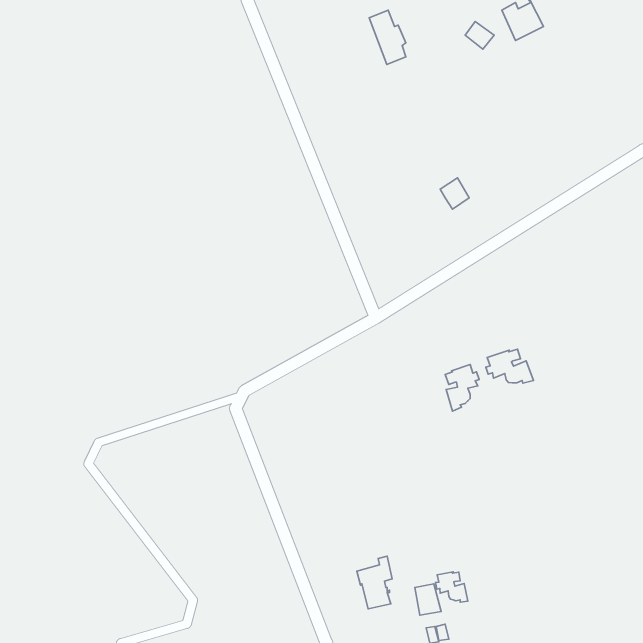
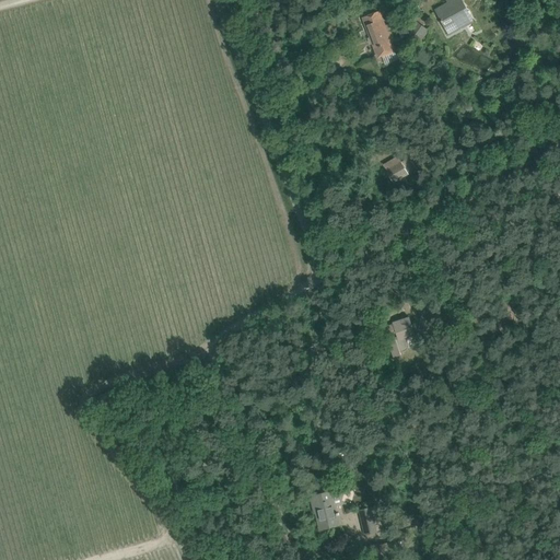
building: [369,10,406,64] -> [362,10,394,57]
building: [486,349,534,383] -> none
building: [436,572,468,602] -> none

